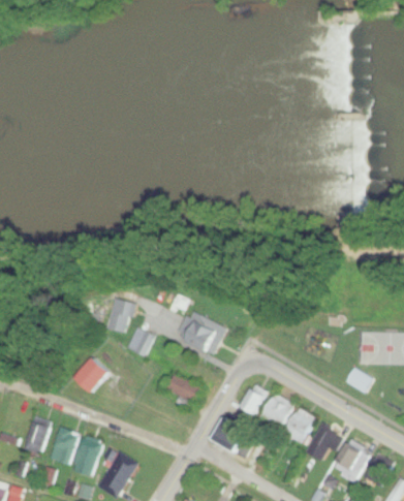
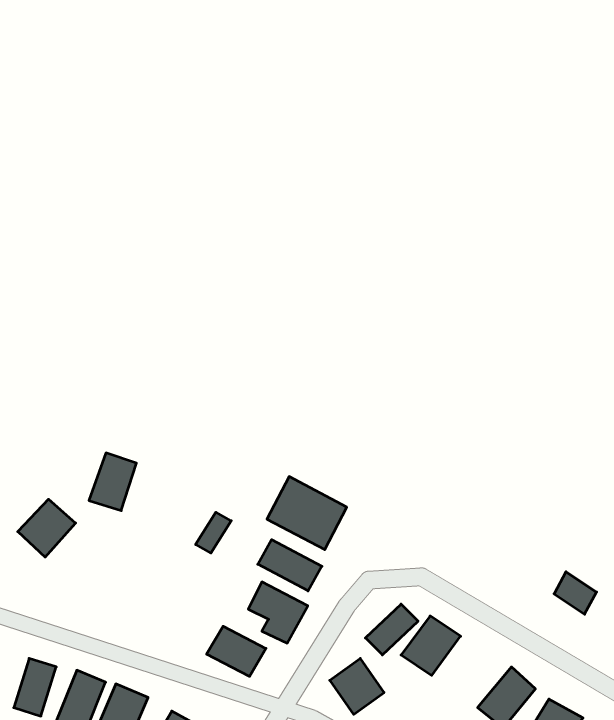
building: [106,298,135,333] -> [89,453,136,511]
building: none -> [258,540,322,591]
building: [72,357,107,393] -> [18,499,76,557]
building: none -> [207,626,266,676]
building: [283,409,315,443] -> none

